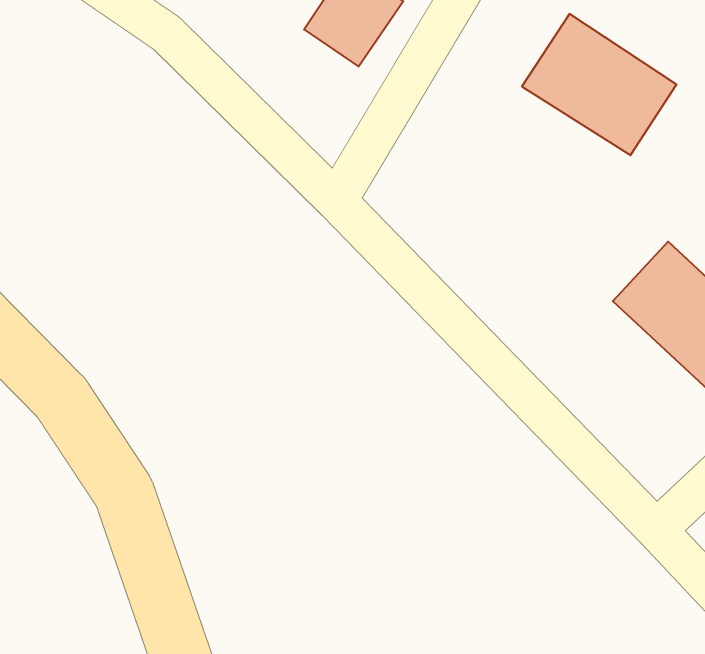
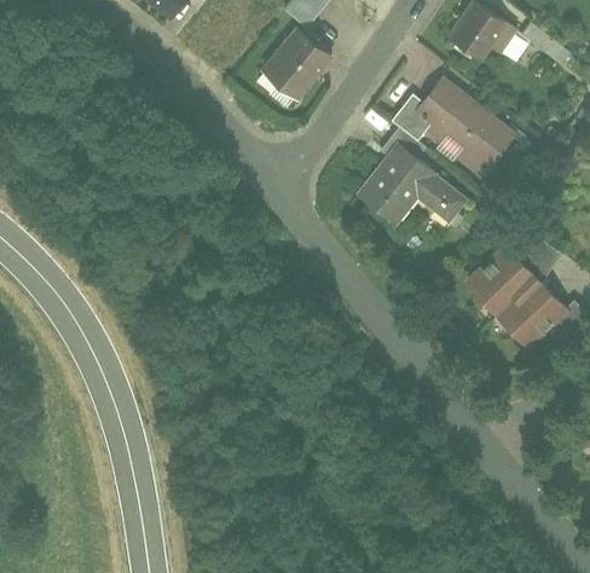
building: none -> [354,138,472,227]

